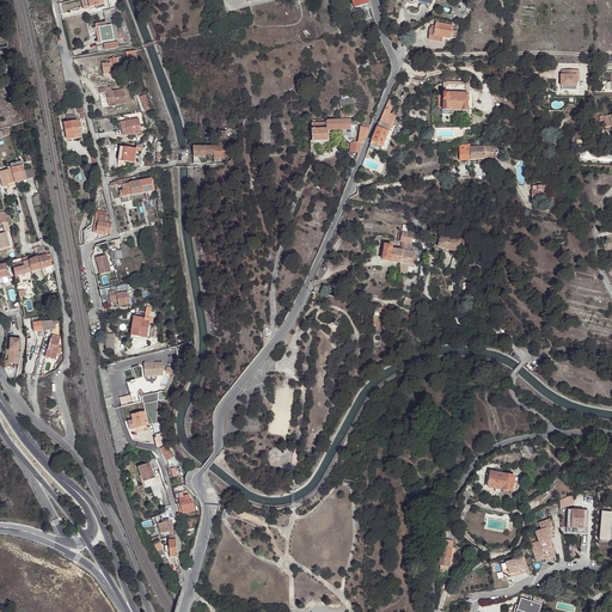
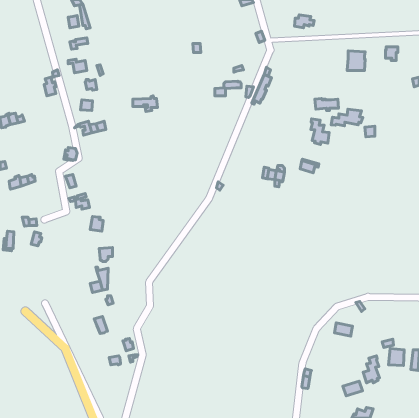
building: [442,81,469,110] -> [347,51,365,71]
building: none -> [331,109,363,126]
building: none -> [311,119,329,144]

